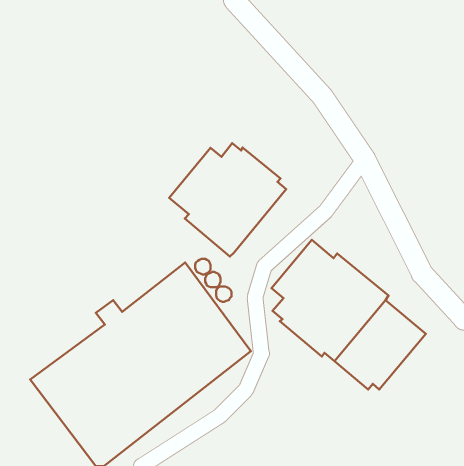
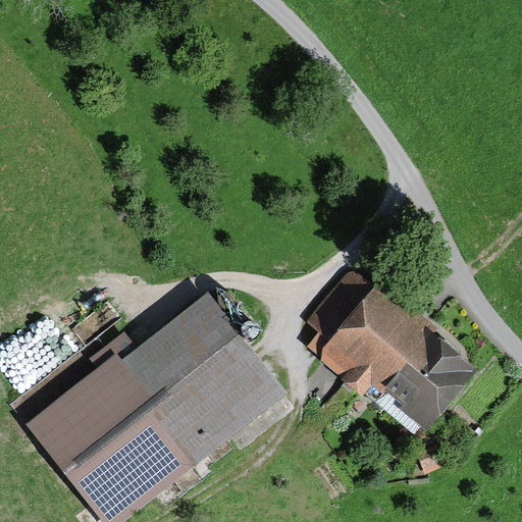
building: [169,143,286,256] -> none

